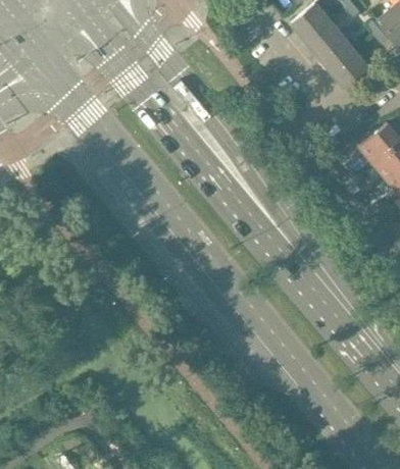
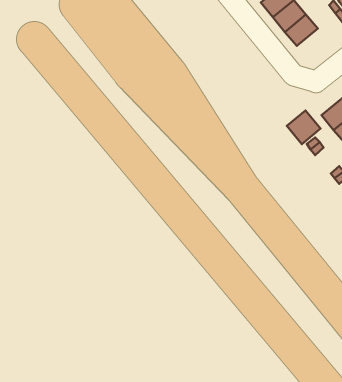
building: [332,52,368,89] -> none
building: none -> [287,110,321,144]

